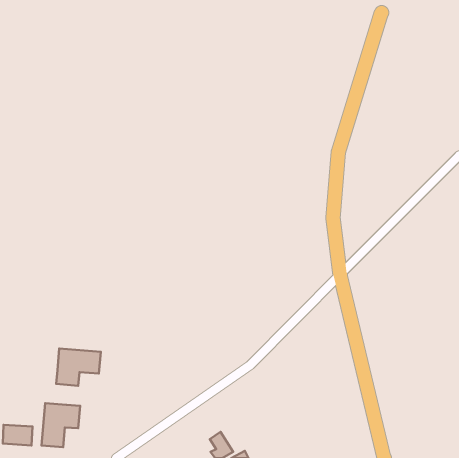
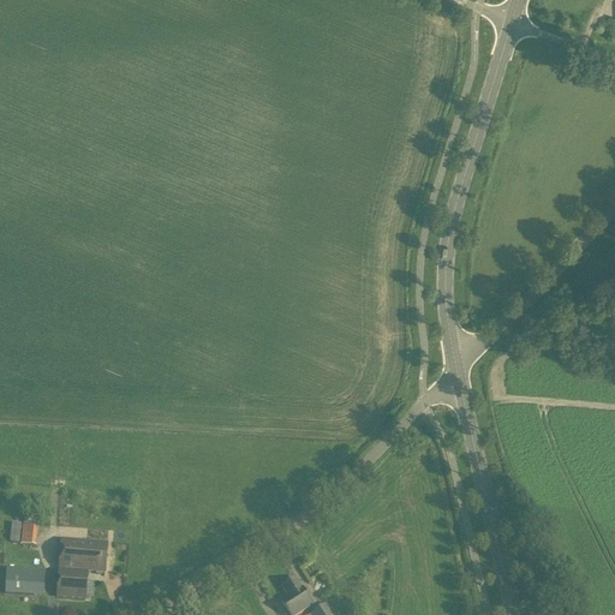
building: [56,348,101,386] -> none
building: none -> [11,520,38,543]

